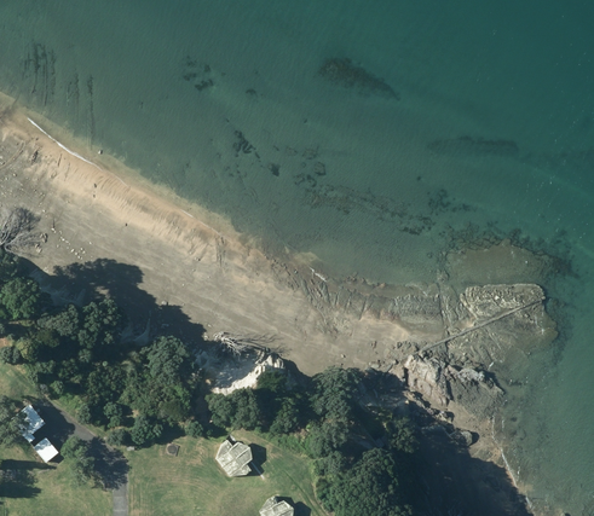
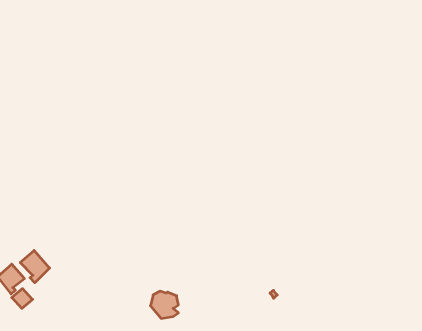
building: none -> [20,250,50,283]

